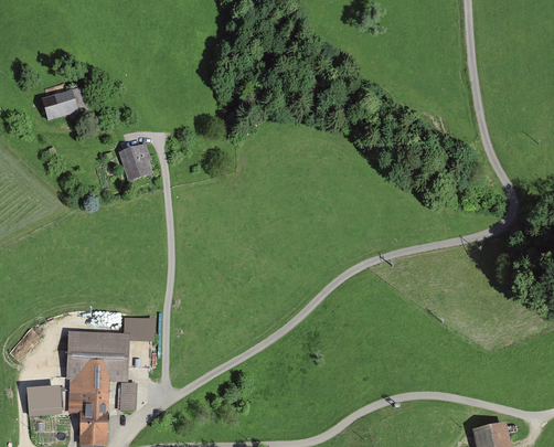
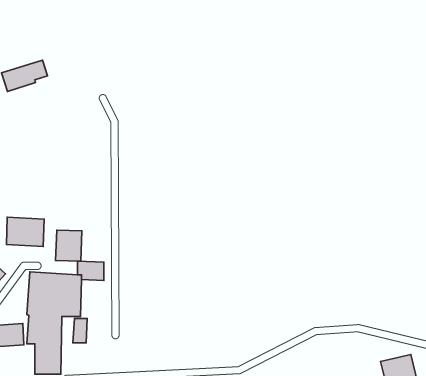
building: [118,143,153,183] -> none
building: none -> [6,217,44,247]
building: none -> [56,230,82,261]

